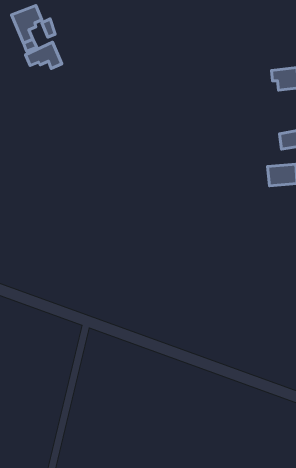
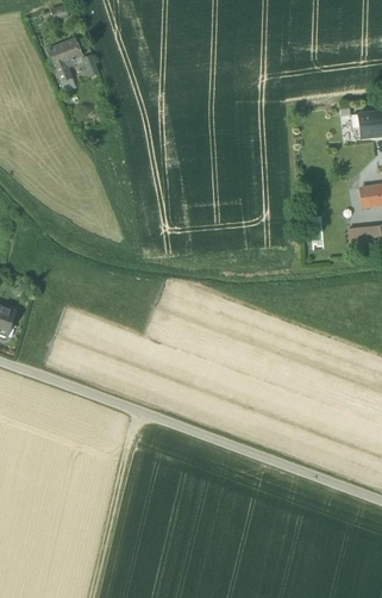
building: [26,42,62,68] -> none

